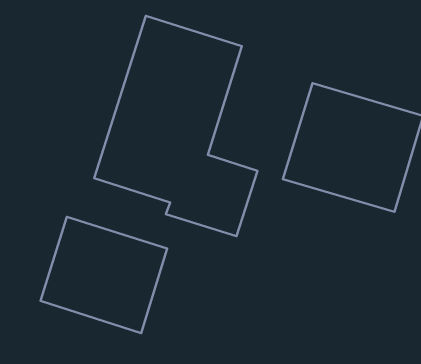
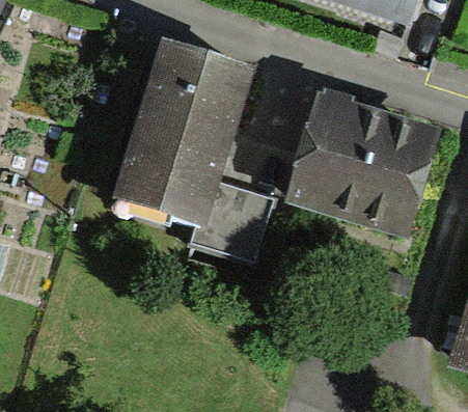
building: [40,217,167,333] -> none

